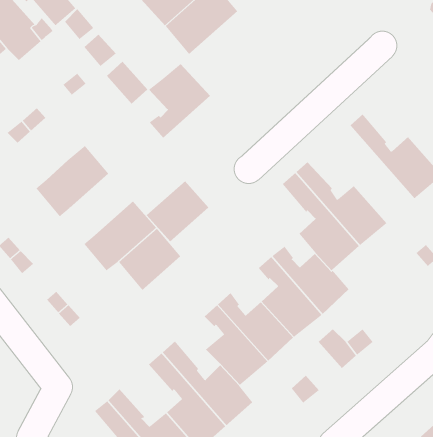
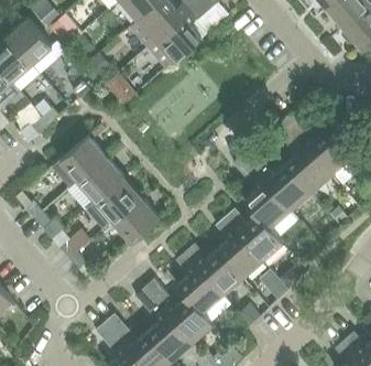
building: [148,63,211,138] -> none
building: none -> [273,121,330,193]
building: [146,181,209,242] -> [78,157,124,202]

